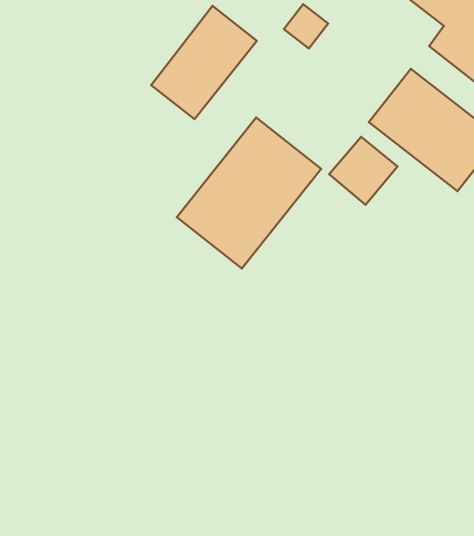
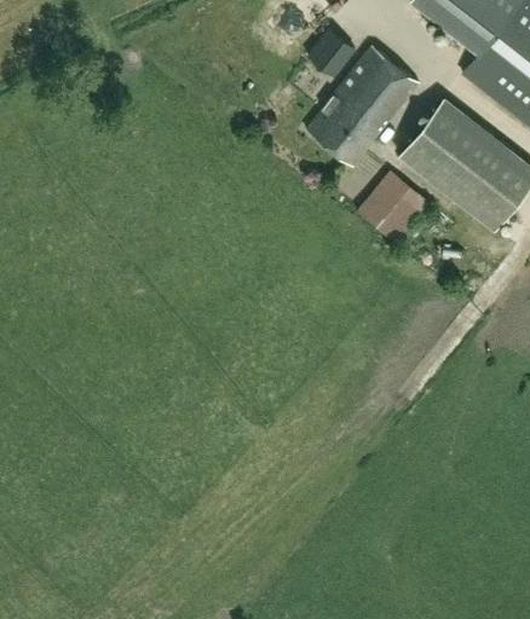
building: [151,6,257,119] -> [306,45,419,166]
building: [177,118,321,268] -> none

